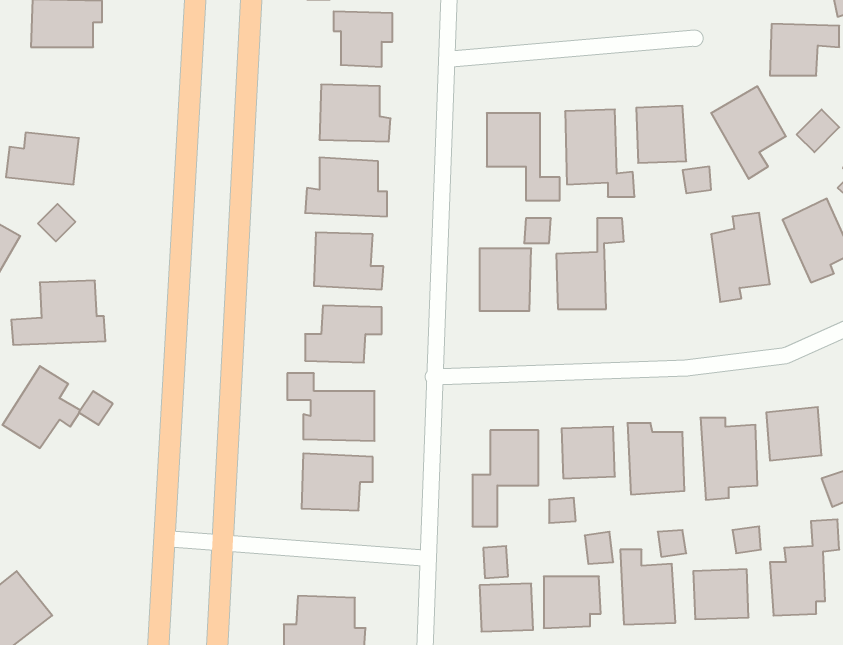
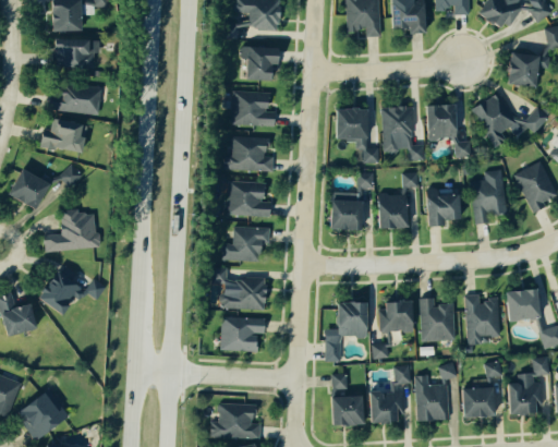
building: none -> [52,84,100,113]
building: none -> [426,191,460,226]

